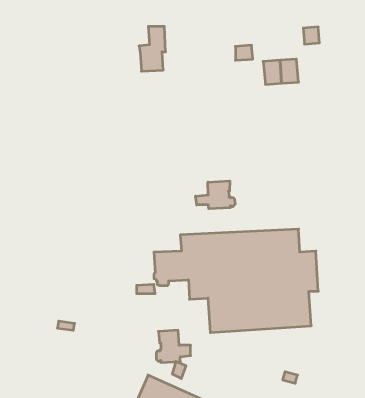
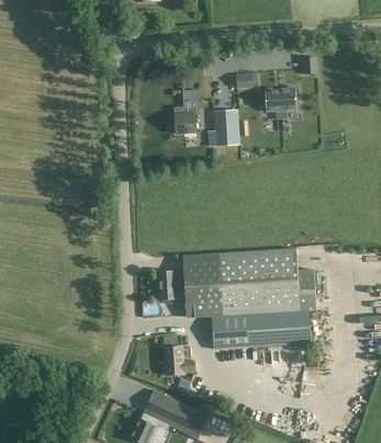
building: [139,26,166,71] -> [173,90,199,133]
building: none -> [214,111,238,145]
building: [196,181,235,209] -> none

